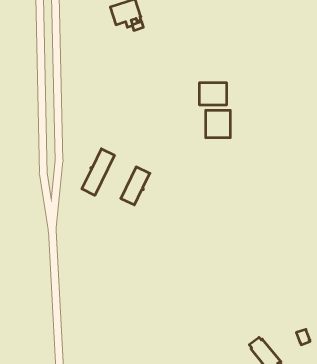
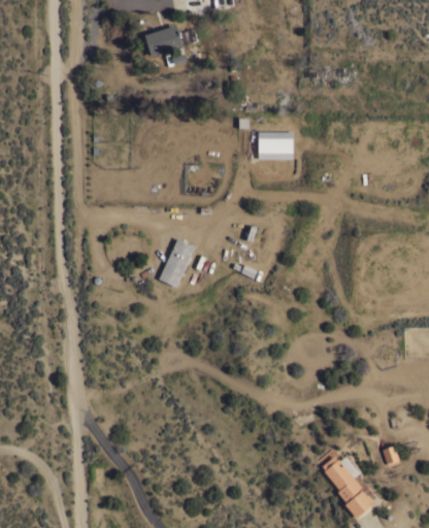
building: [206,110,230,138] -> none
building: [82,149,114,195] -> none

